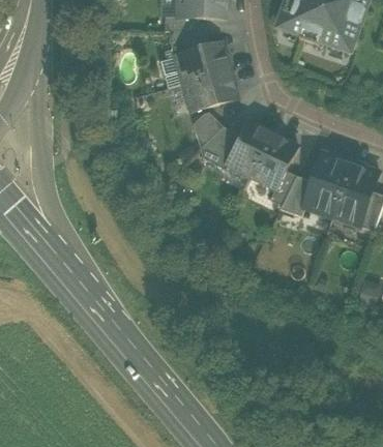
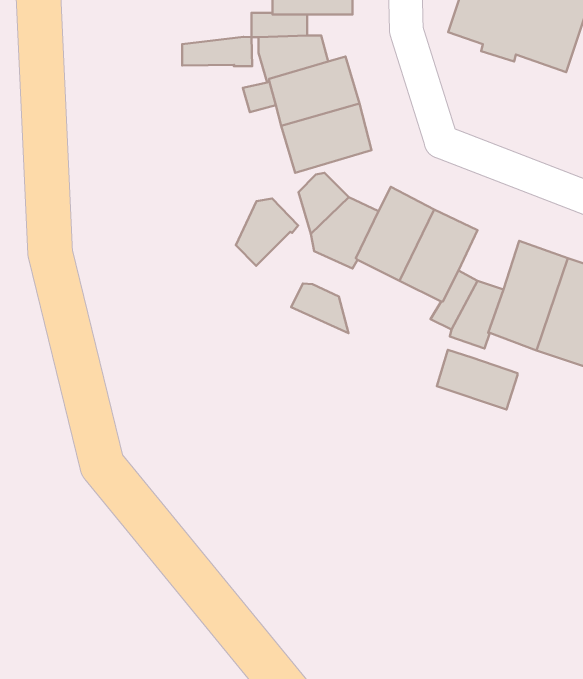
building: none -> [182,37,252,66]
building: none -> [236,199,298,266]
building: none -> [291,284,348,333]
building: none -> [437,350,518,409]

